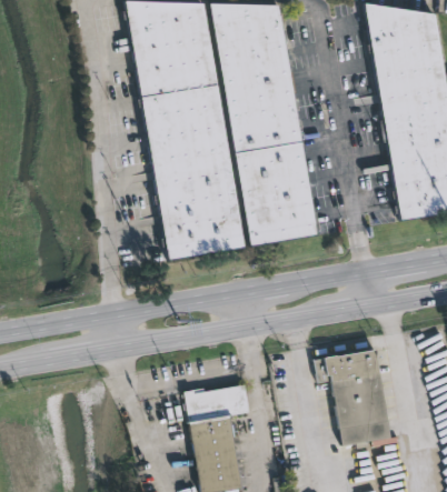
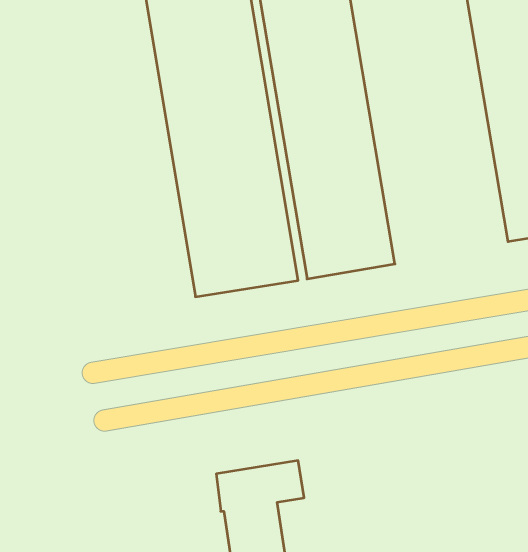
building: [314,351,388,445] -> none

